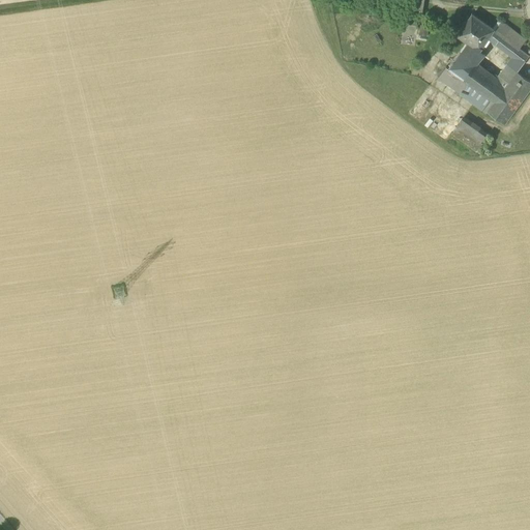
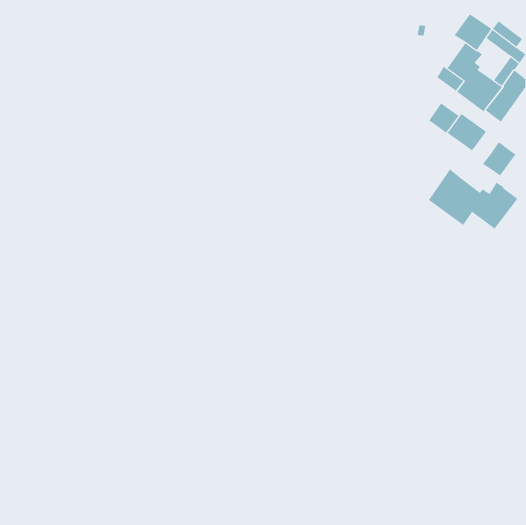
building: none -> [428,102,459,134]
building: none -> [482,142,516,176]
building: none -> [428,168,518,230]

